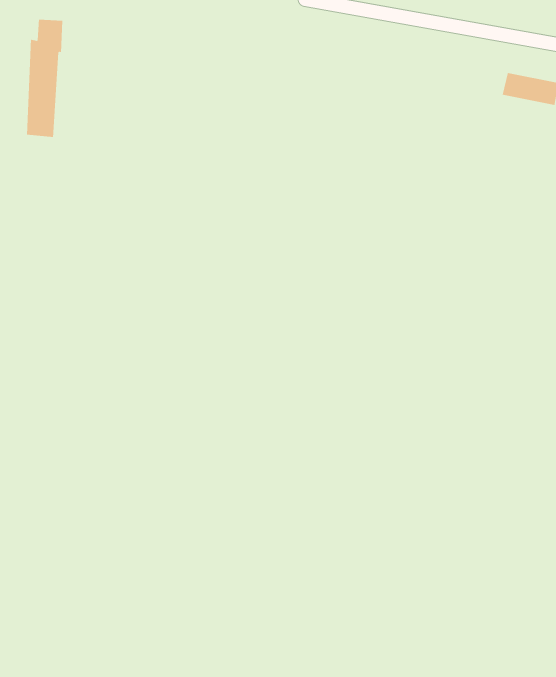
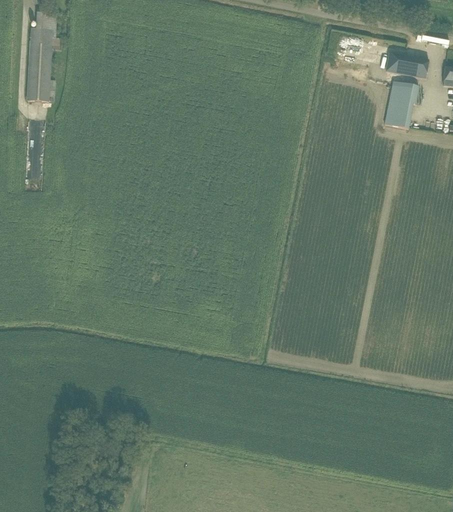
building: none -> [383,83,417,131]

